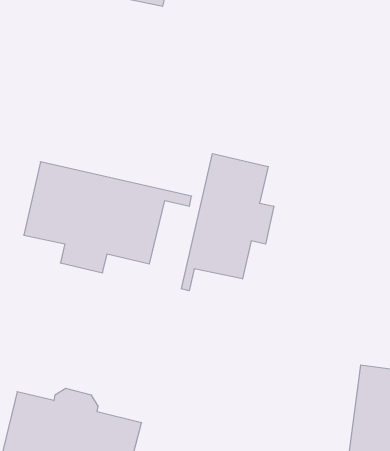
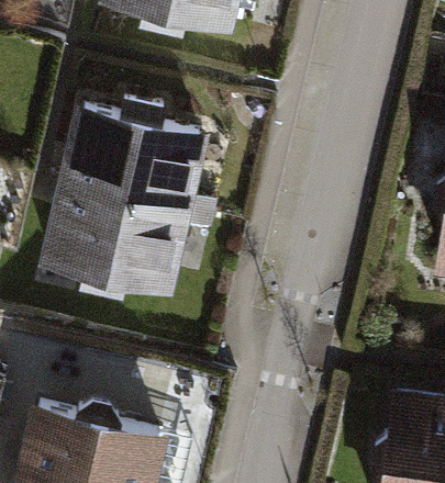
building: none -> [66,102,218,217]
building: [182,154,274,291] -> none

